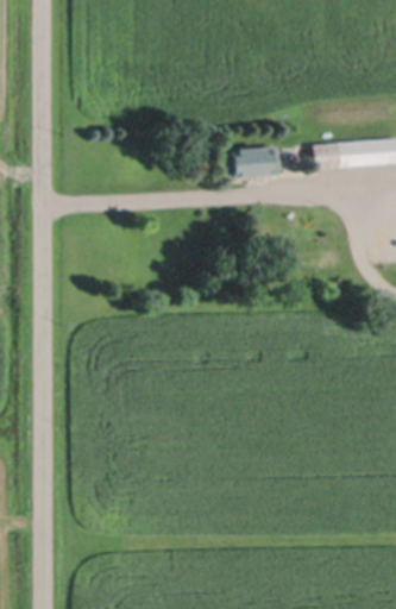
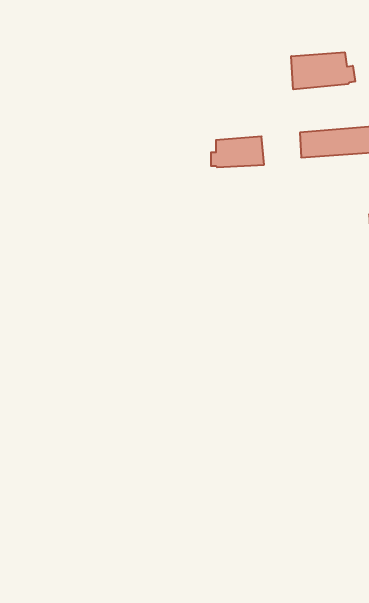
building: none -> [291,52,355,89]

